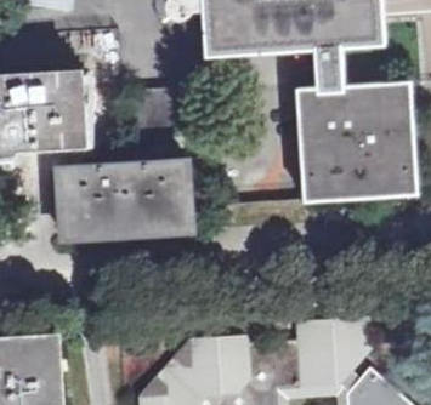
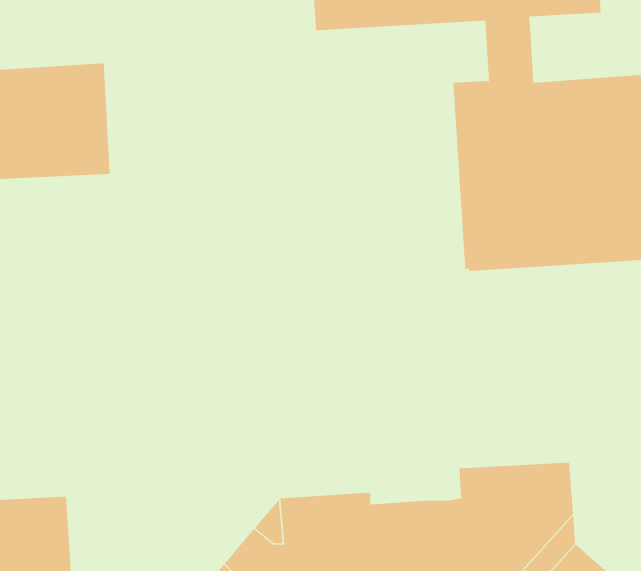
building: [59,159,191,239] -> none

